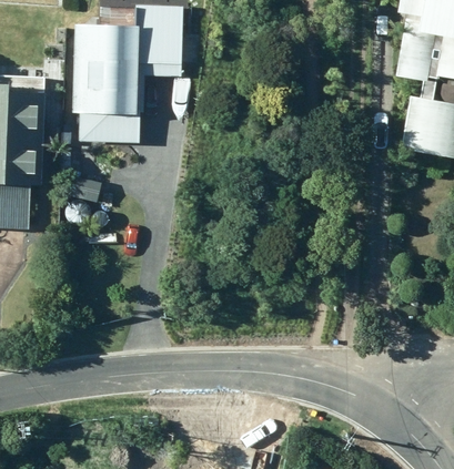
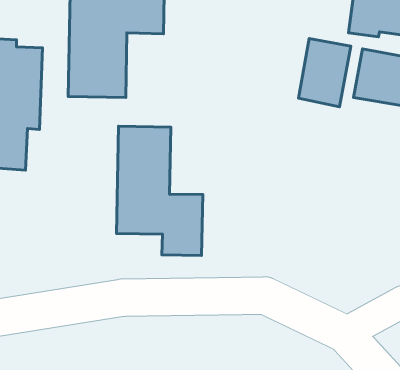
building: none -> [299,39,351,107]
building: none -> [117,126,203,256]

